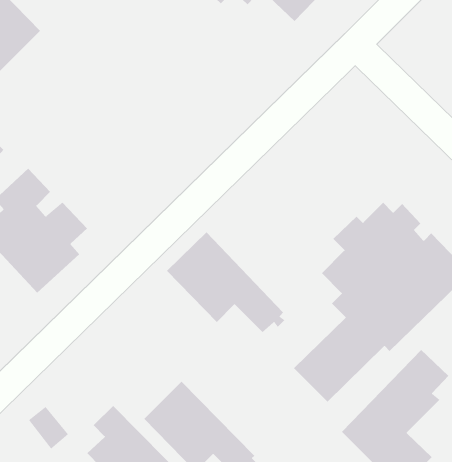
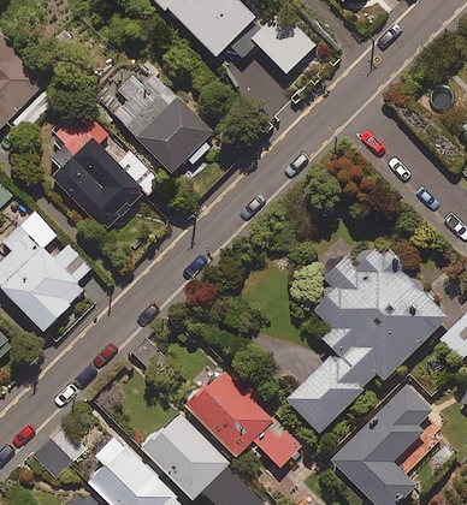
building: none -> [113,76,212,173]
building: none -> [52,118,159,234]
building: [166,231,285,333] -> [188,370,301,467]

